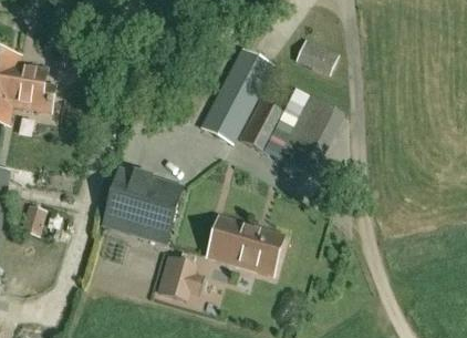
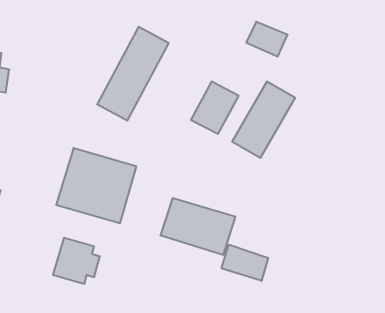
building: [199,48,272,143] -> [97,27,169,121]
building: [156,256,204,303] -> [53,238,100,284]
building: none -> [222,245,268,281]

